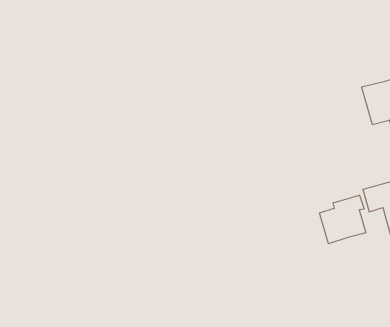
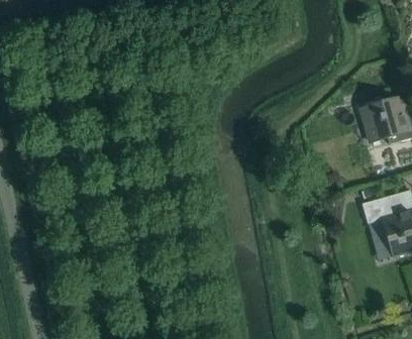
building: [320,195,366,244] -> none

